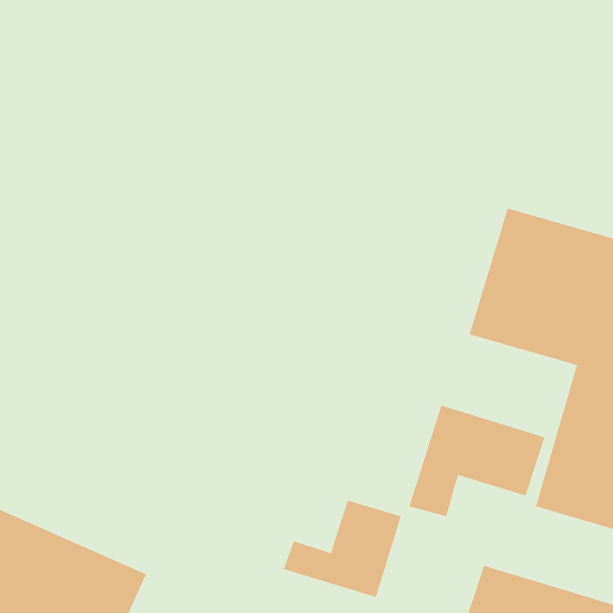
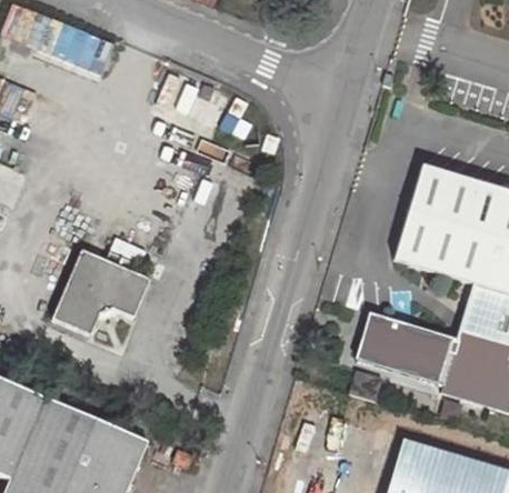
building: none -> [53,253,150,336]
building: [283,500,402,598] -> none

